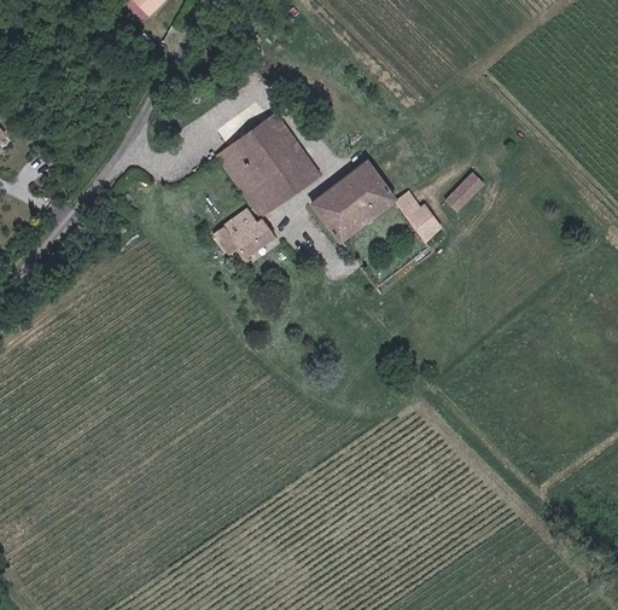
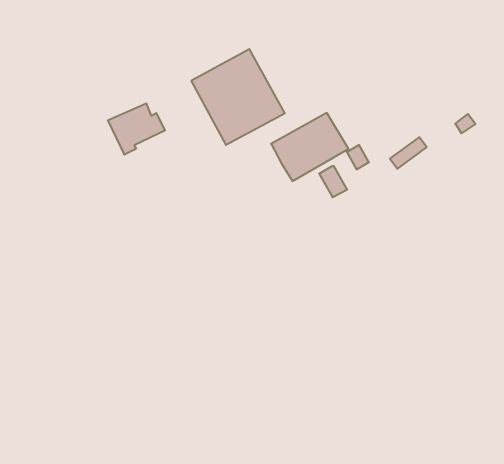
building: [408,208,441,242] -> [319,166,347,197]
building: [212,210,275,268] -> [108,104,165,155]

